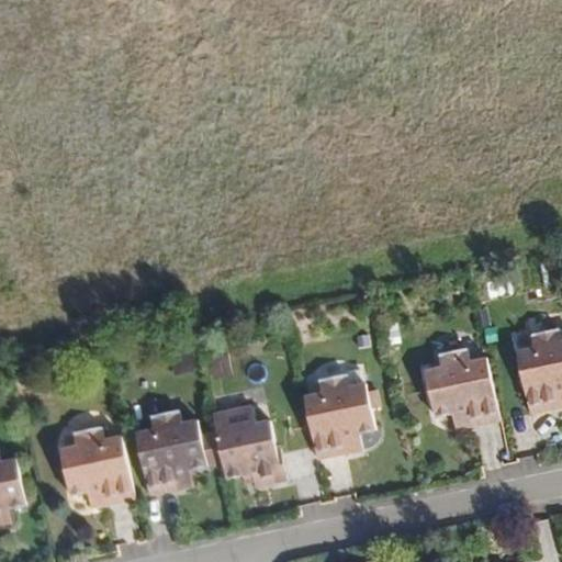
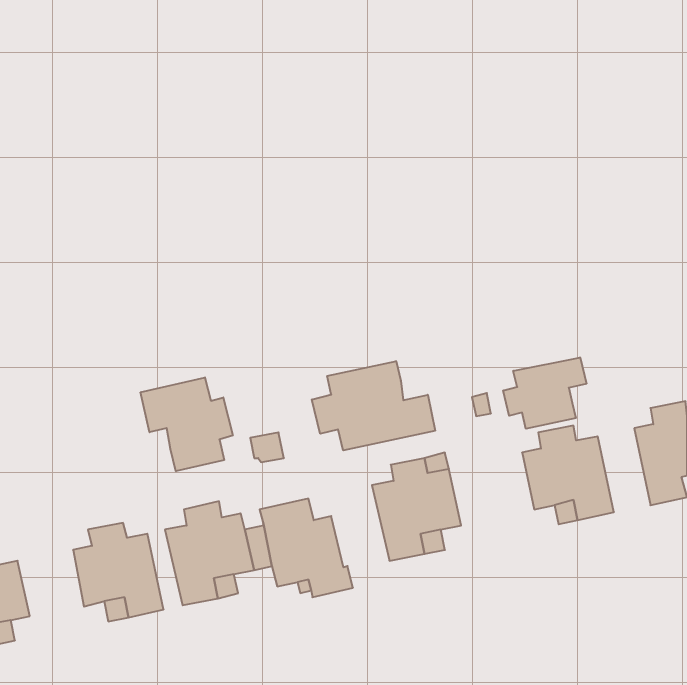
building: none -> [503,357,586,429]
building: none -> [312,361,435,450]
building: none -> [141,377,233,471]

